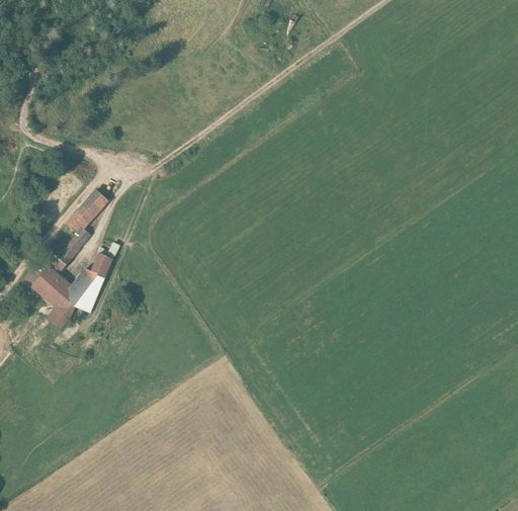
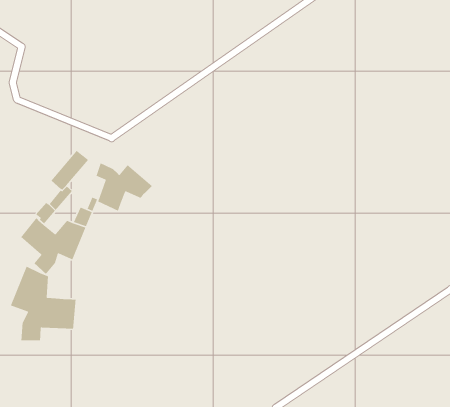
building: none -> [96,162,153,212]
building: none -> [10,266,77,341]

